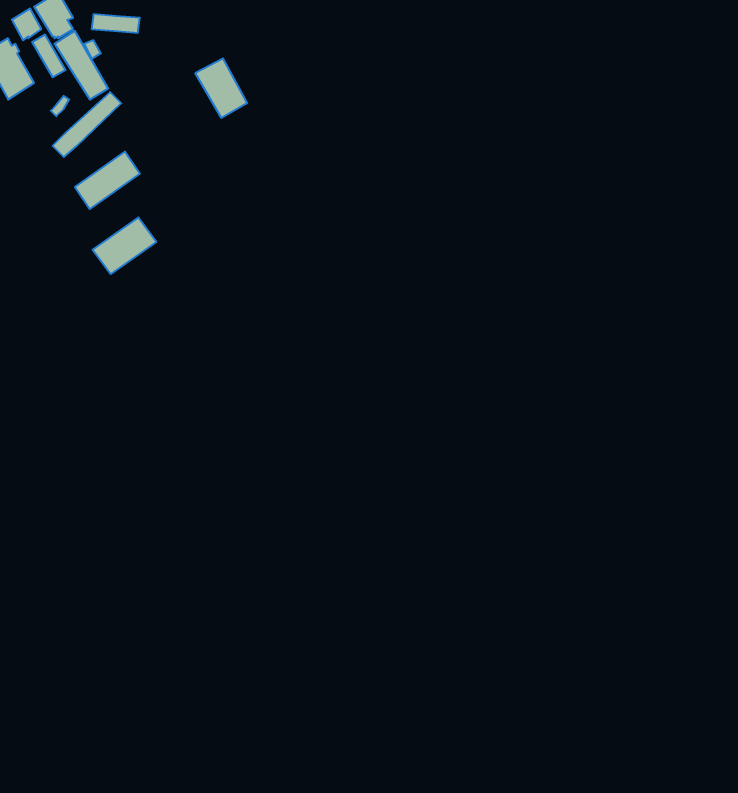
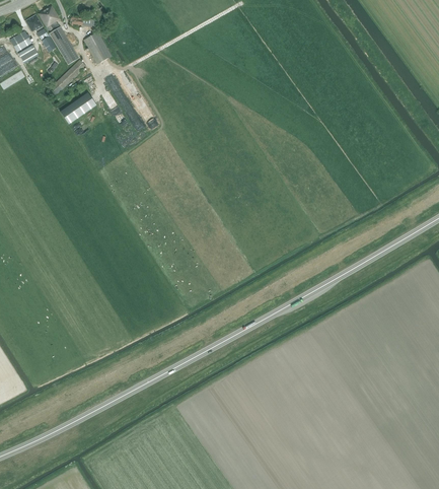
building: [195,58,247,118] -> [83,31,112,64]
building: [93,217,156,274] -> none

